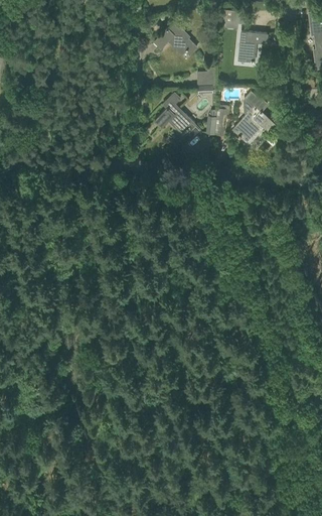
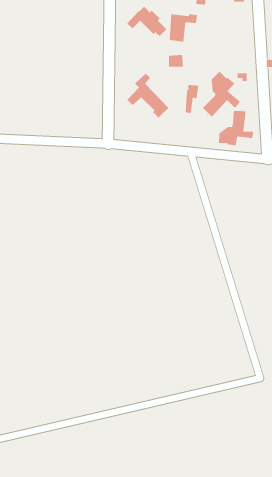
building: [237,33,268,63] -> [169,14,198,43]
building: none -> [218,108,254,146]

